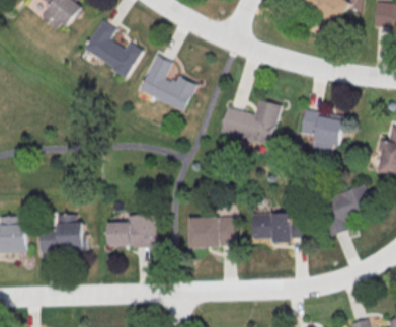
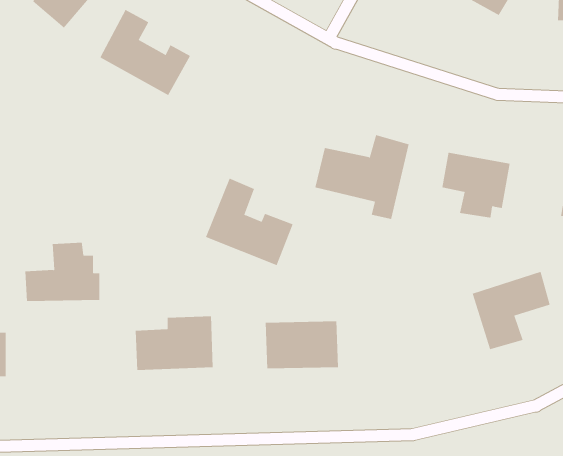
building: [141,55,196,110] -> [205,178,293,266]
building: [252,213,306,242] -> none
building: [39,214,87,251] -> [25,242,100,302]

